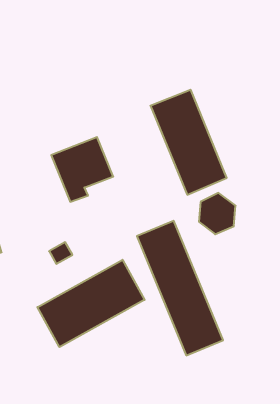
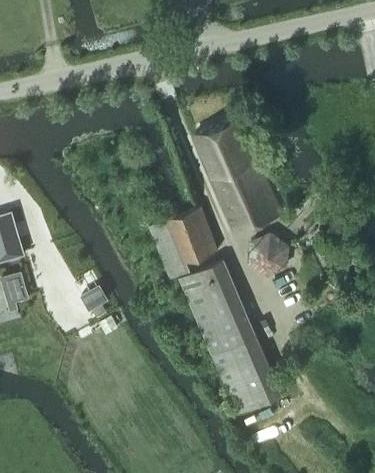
building: [51,137,113,202] -> [150,208,219,280]
building: [37,260,145,347] -> none

